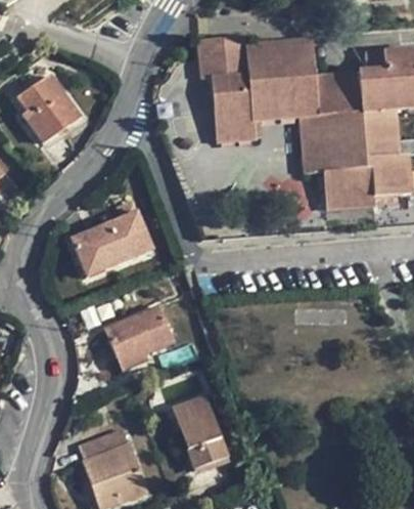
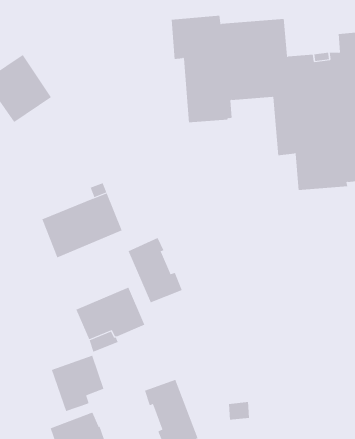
building: none -> [128,237,183,303]
building: none -> [51,355,104,412]

